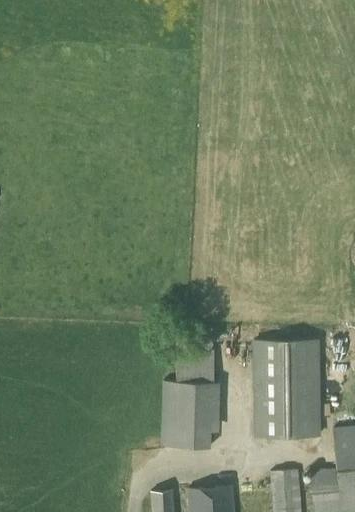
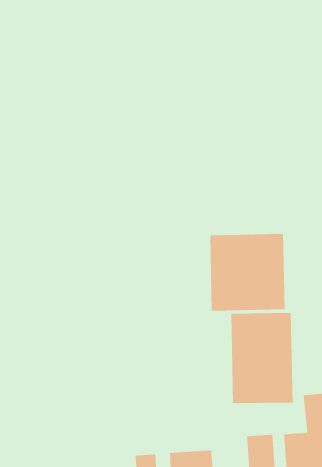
building: none -> [210,233,285,311]
building: [161,348,220,447] -> none

